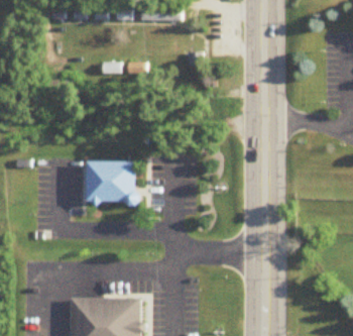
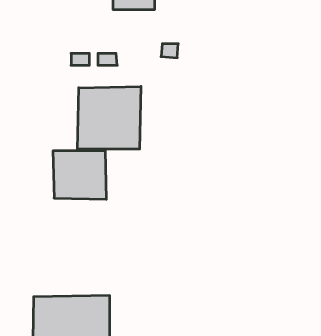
building: none -> [77,86,141,149]

